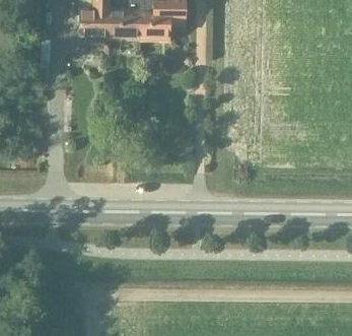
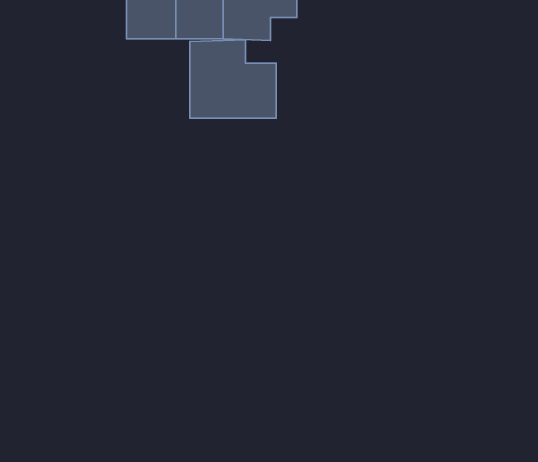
building: none -> [190,40,276,118]

